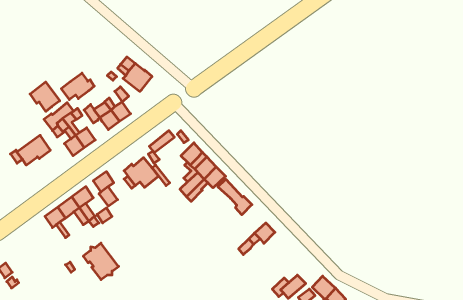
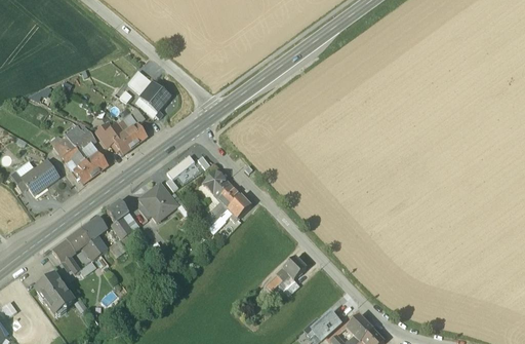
building: [61,73,94,100] -> none
building: [30,82,60,111] -> none
building: [218,179,252,215] -> none
building: [83,243,119,280] -> [35,274,74,314]

